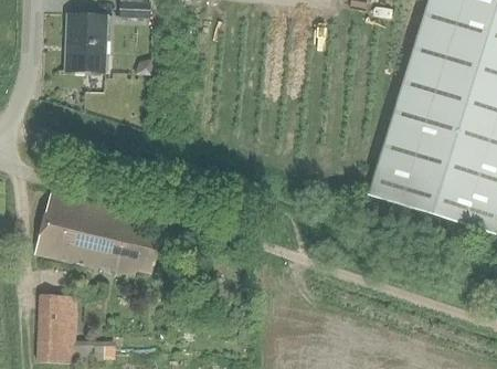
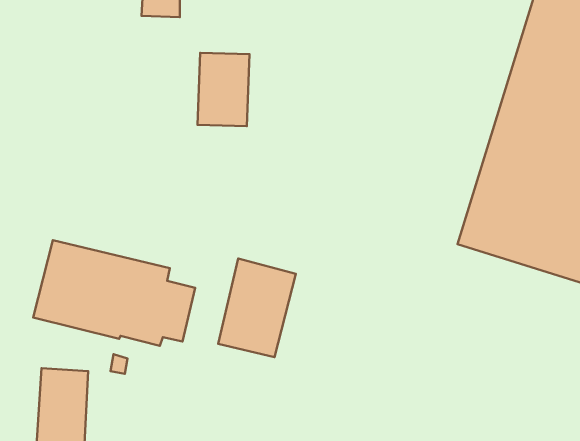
building: [66,13,107,71] -> [197,53,250,126]
building: none -> [218,258,296,357]

